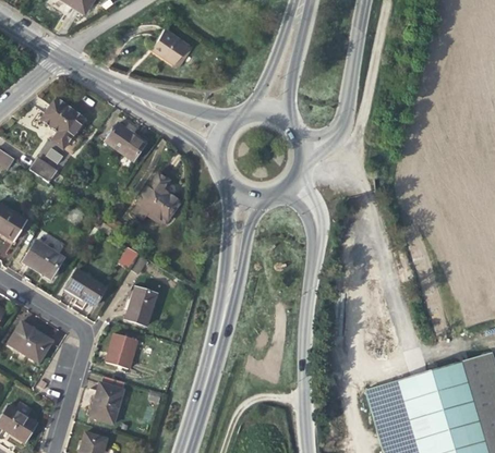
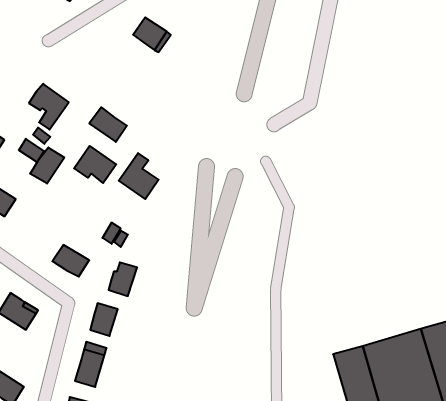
building: none -> [74,146,116,183]
building: none -> [30,147,64,184]
building: [24,242,63,278] -> none

